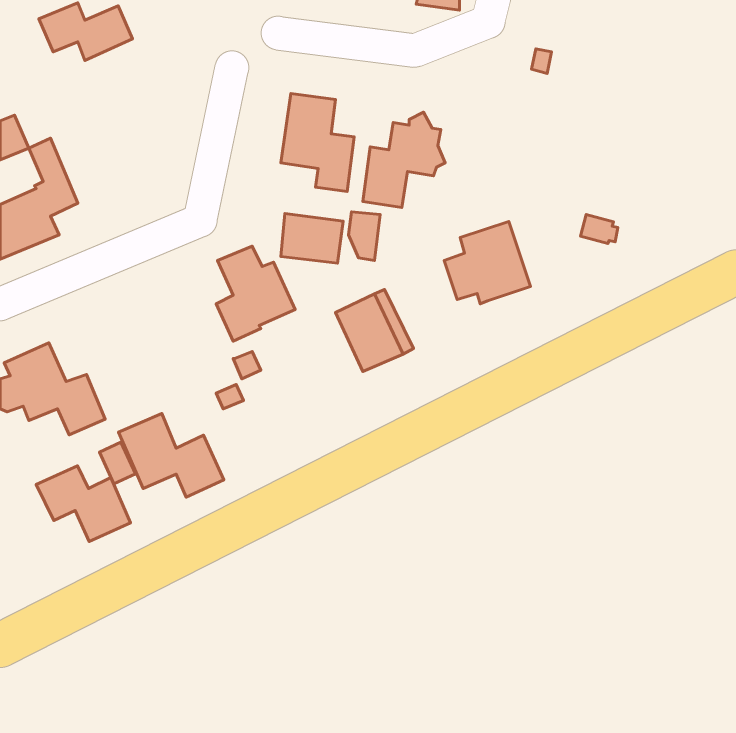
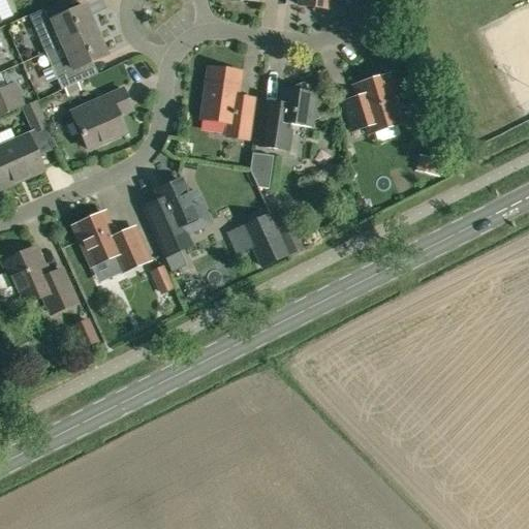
building: none -> [51,28,106,88]
building: none -> [75,87,129,148]
building: [281,214,343,263] -> none
building: [444,222,531,304] -> [343,73,405,132]
building: [119,414,224,497] -> [73,211,149,271]
building: [36,466,130,542] -> none

